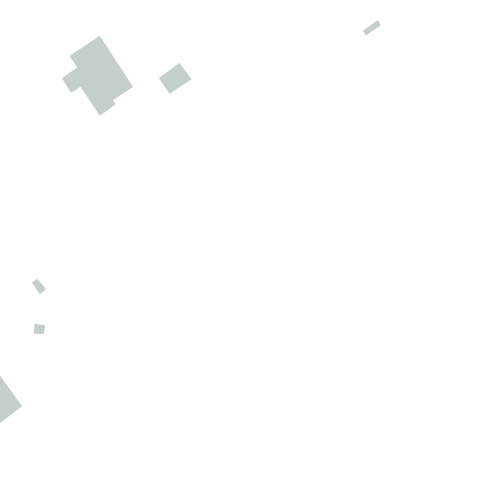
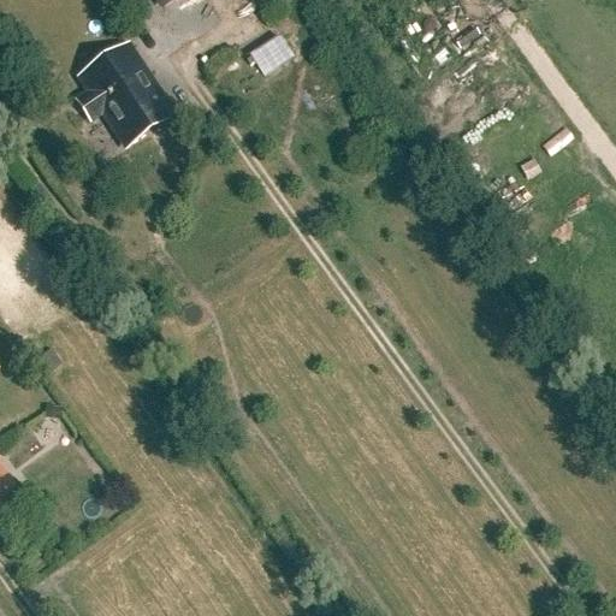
building: [158,62,192,95] -> [247,32,290,73]

